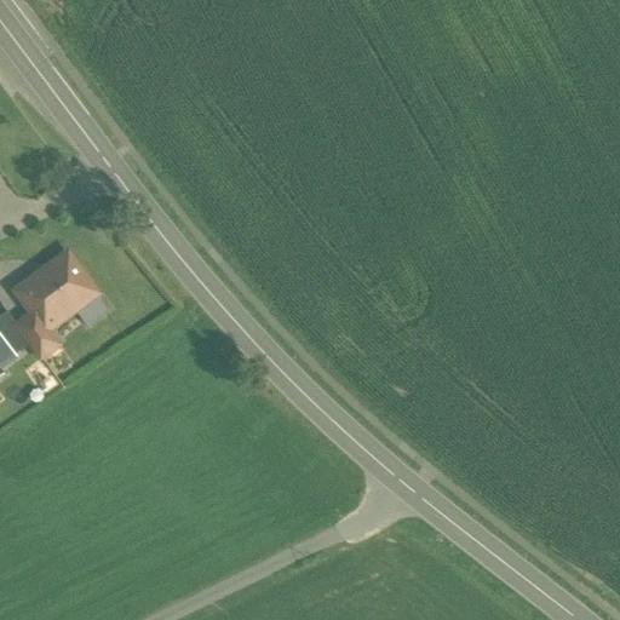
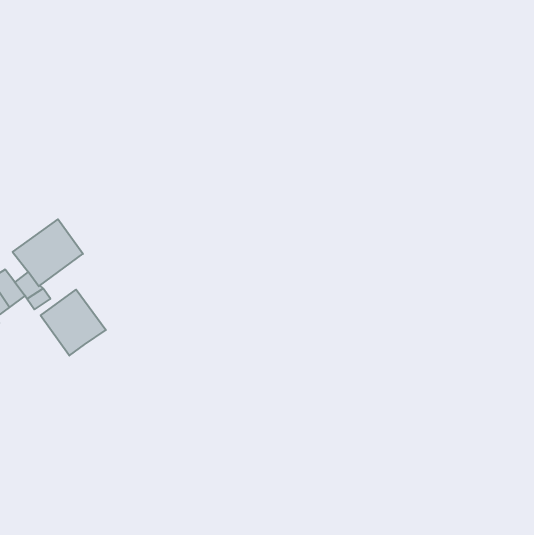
building: none -> [41,290,106,356]

